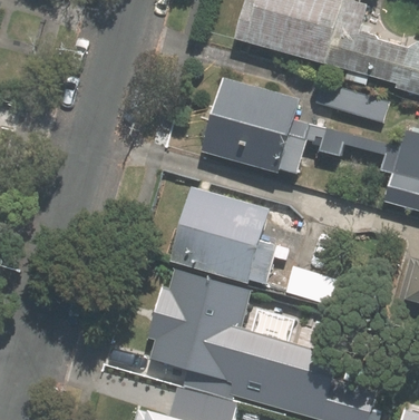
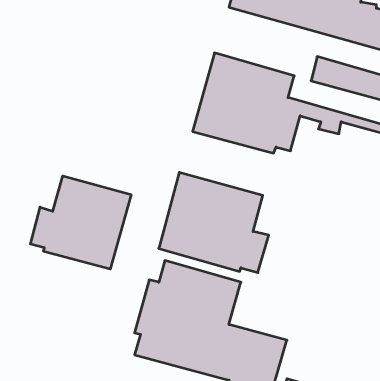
building: none -> [30,176,131,269]

